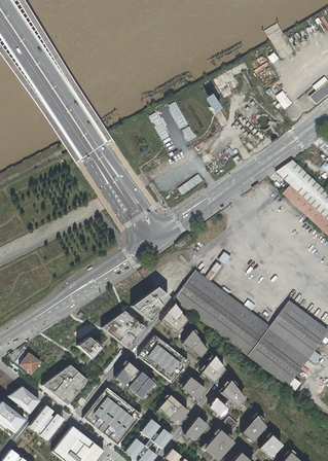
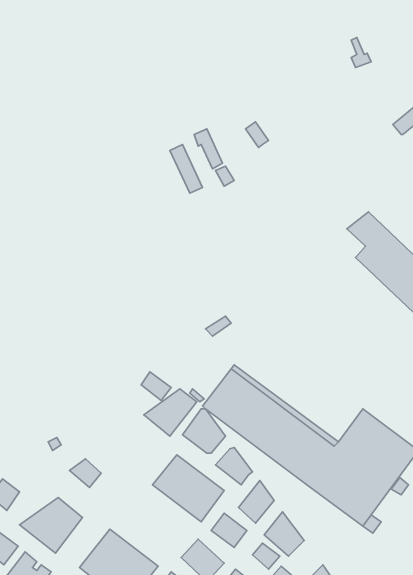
building: [103,311,145,348] -> none
building: [115,362,154,398] -> none

